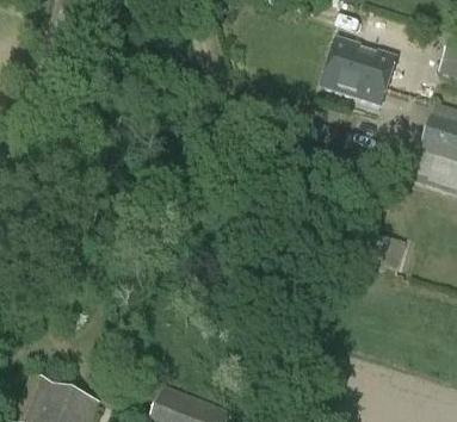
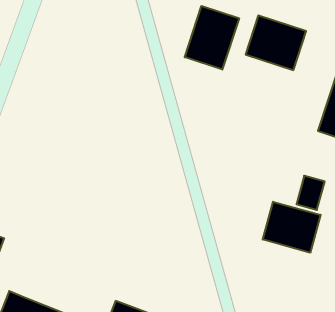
building: none -> [185,6,239,70]
building: none -> [263,202,321,253]

